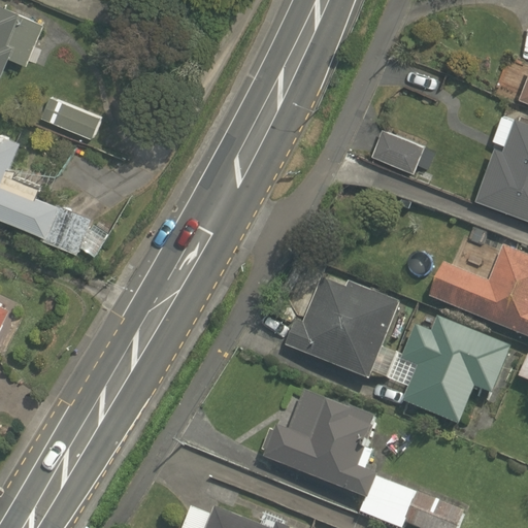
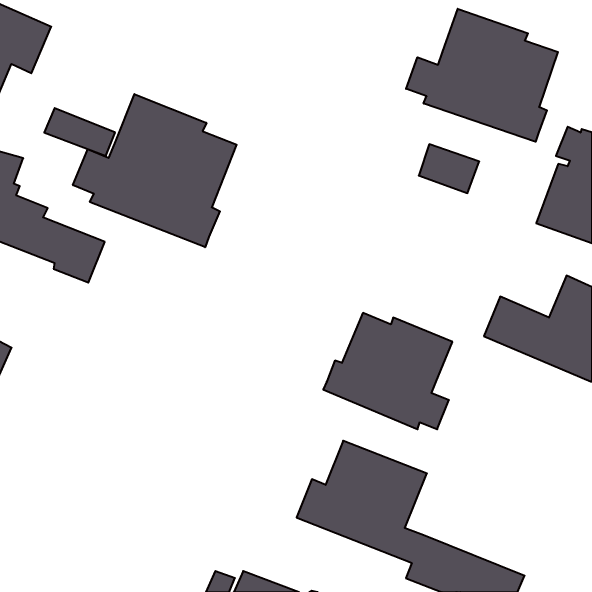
building: none -> [406,9,558,142]
building: none -> [73,94,237,247]
building: [392,317,513,426] -> none

